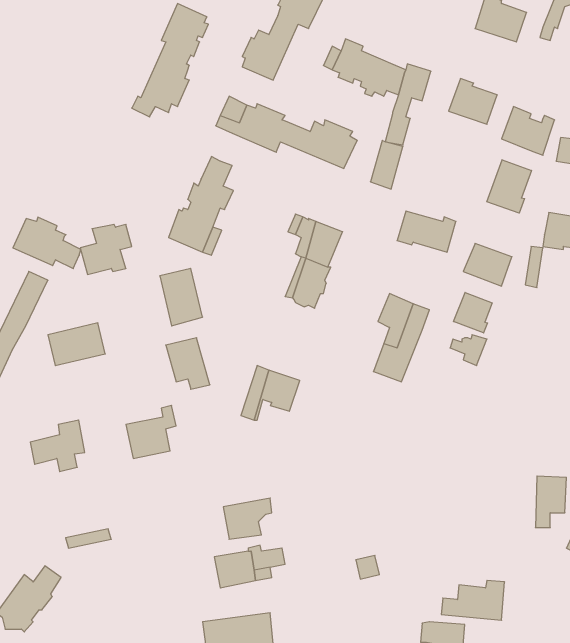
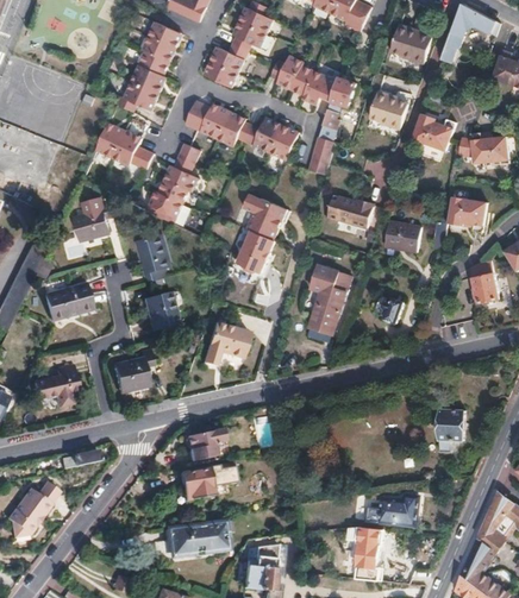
building: [487,160,531,213] -> none
building: [13,217,81,269] -> [93,133,148,175]
building: [454,292,492,333] -> none

